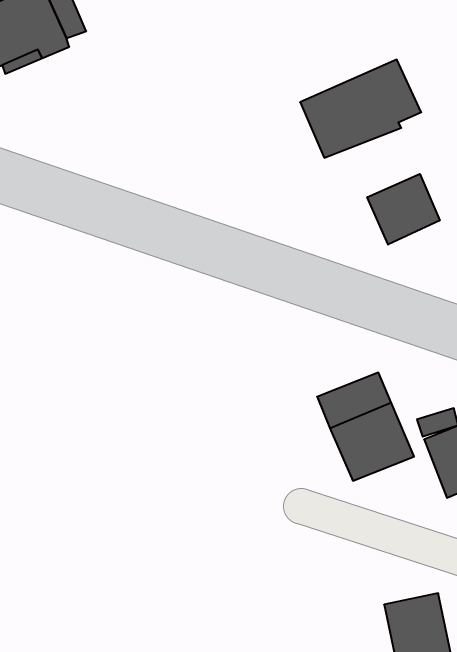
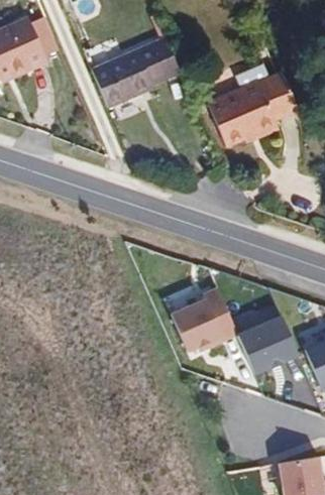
building: none -> [100,40,187,108]
building: [367,174,440,245] -> none
building: none -> [168,294,230,354]

